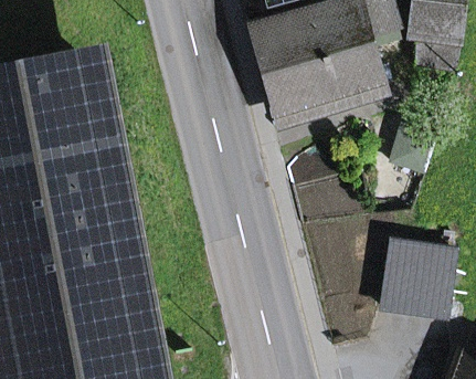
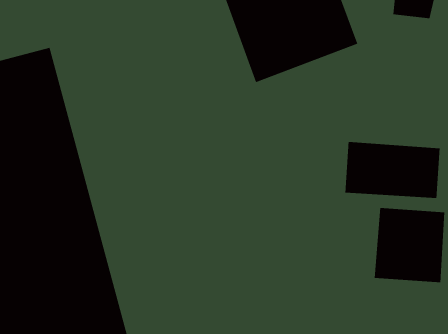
building: none -> [345,141,440,199]

